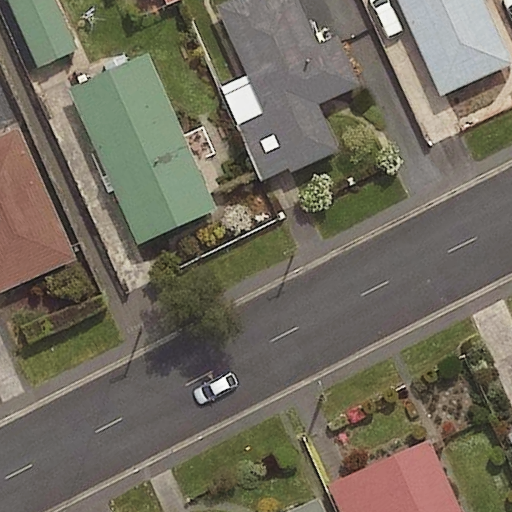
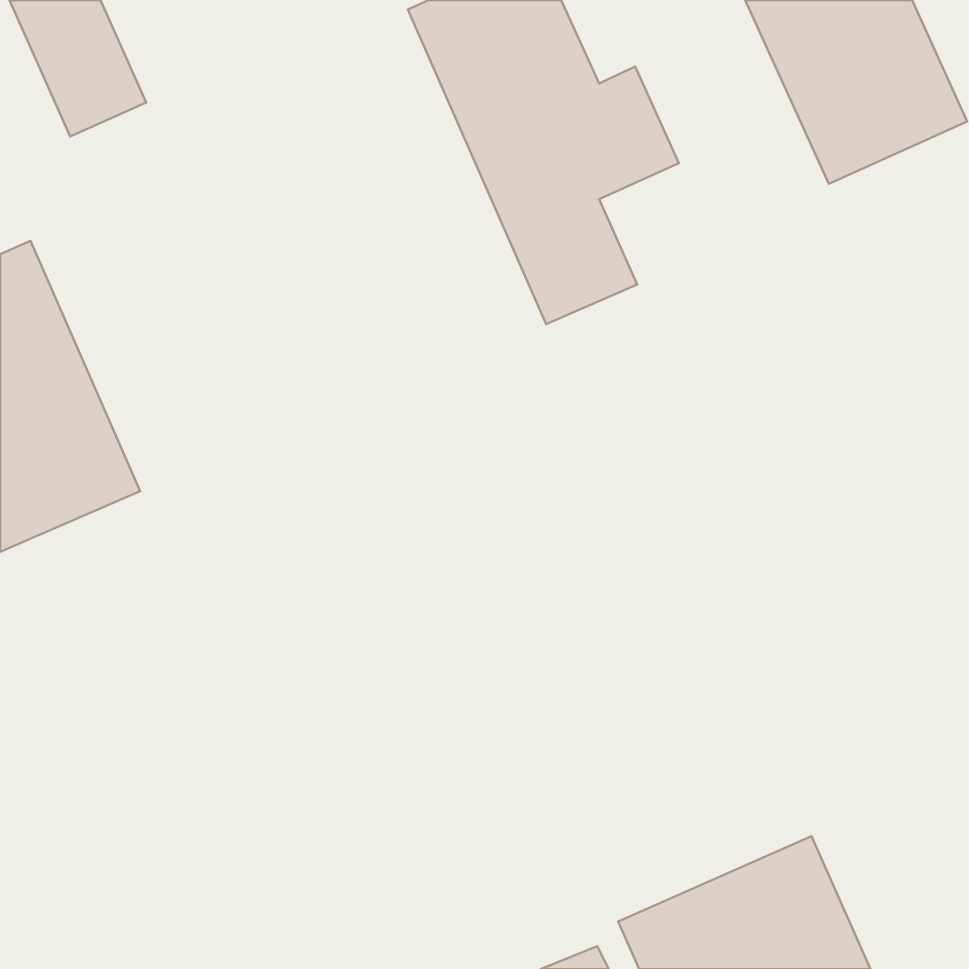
building: [68,55,214,244] -> none

